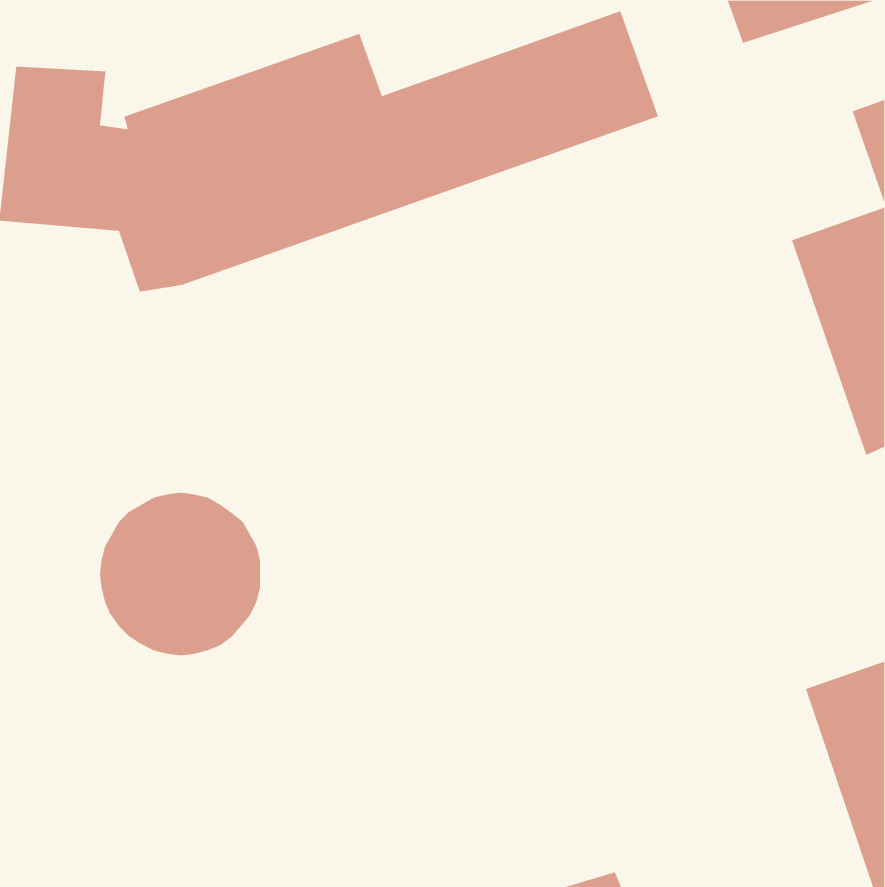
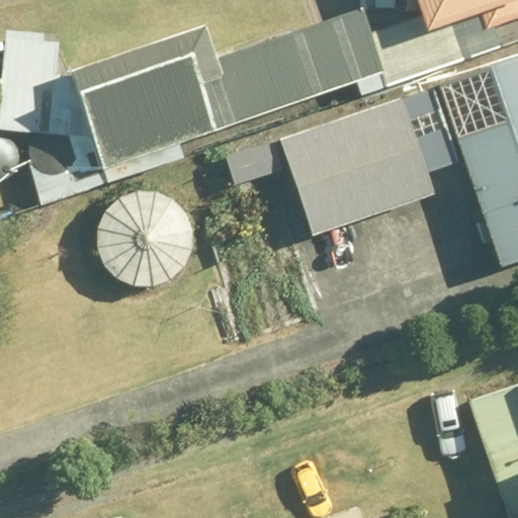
building: none -> [282,101,436,235]
building: [99,492,261,656] -> [99,191,193,286]

